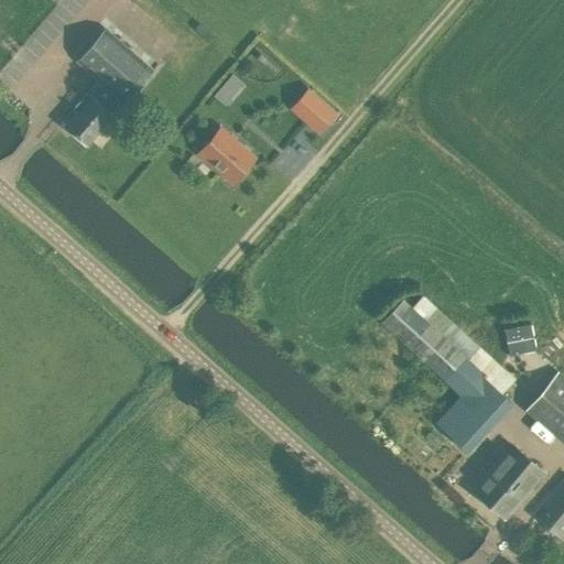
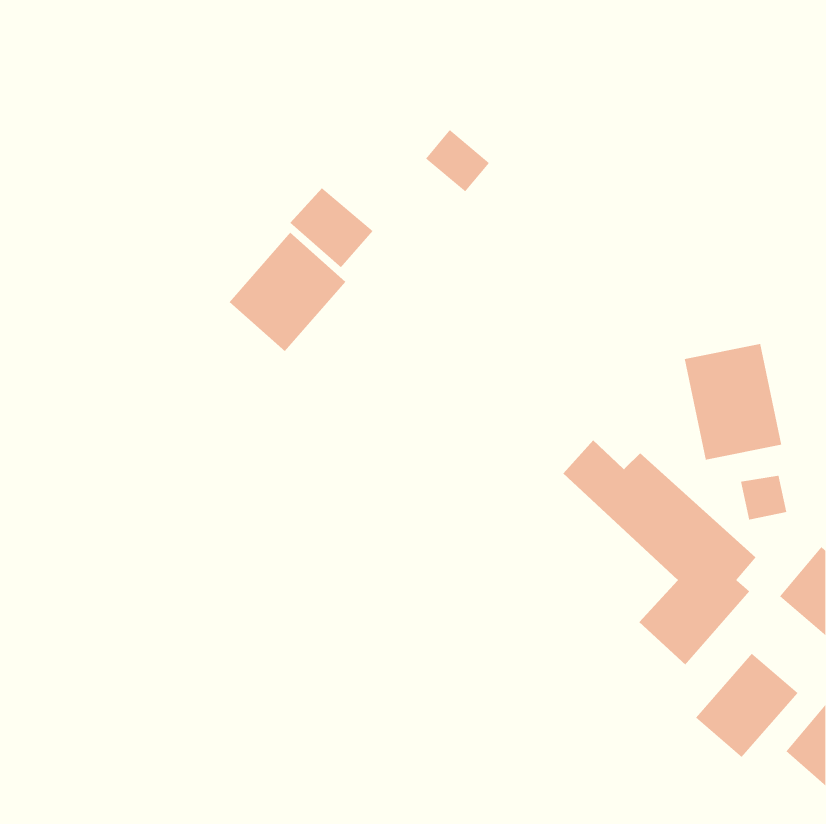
building: [66,32,151,145] -> none
building: none -> [229,232,346,352]
building: none -> [684,343,782,461]

